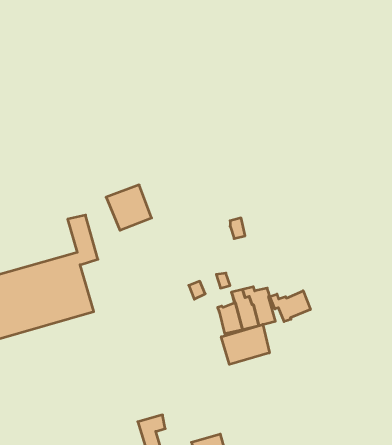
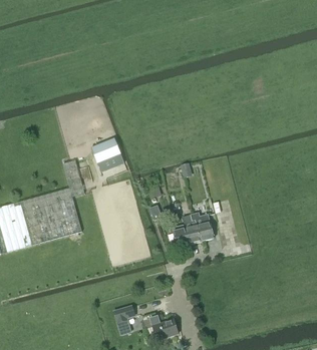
building: [270,291,310,322] -> none
building: [221,324,269,364] -> none

